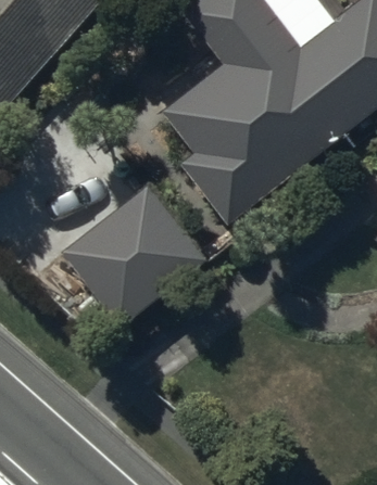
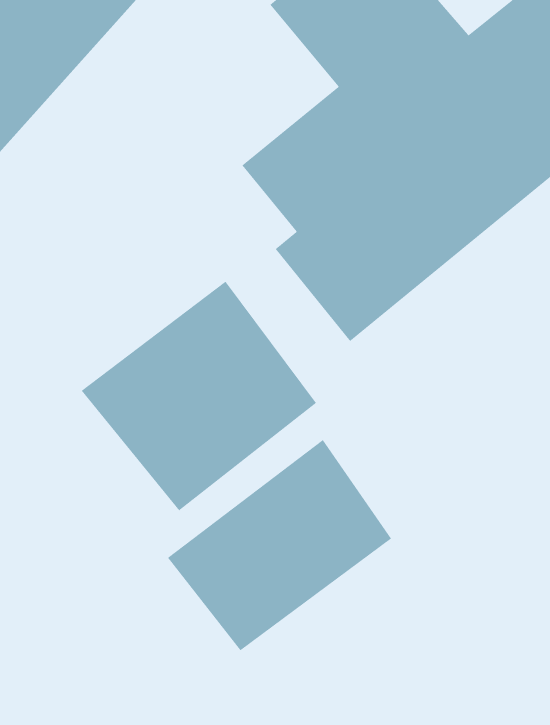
building: none -> [167,439,392,651]

